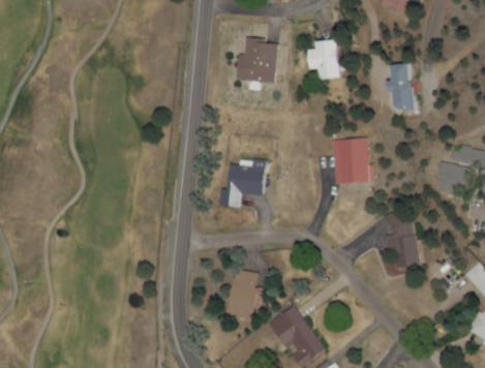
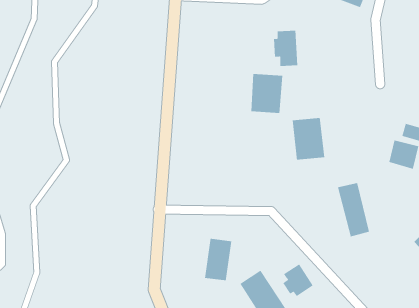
building: [239,37,275,82] -> [250,74,283,113]
building: [394,64,415,110] -> none
building: [219,160,265,207] -> none
building: none -> [283,263,314,297]

